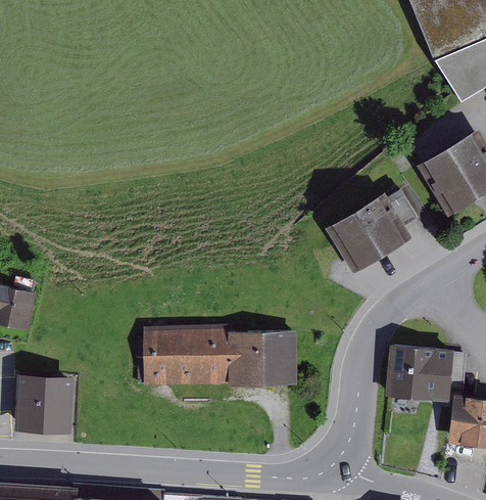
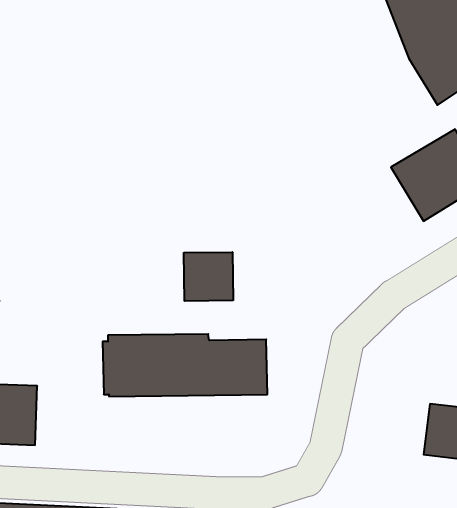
building: [326,189,420,274] -> none
building: none -> [184,252,233,301]
building: [385,344,467,403] -> none

